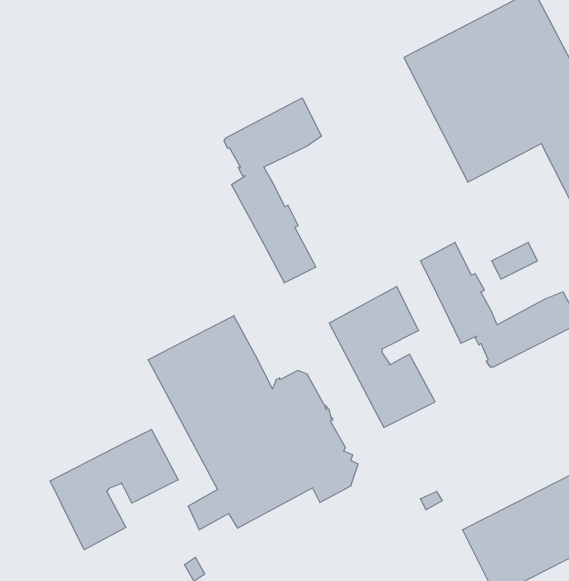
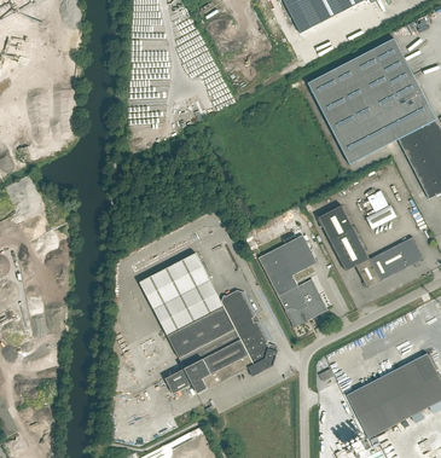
building: [224,98,322,283] -> none
building: [50,429,178,550] -> none

